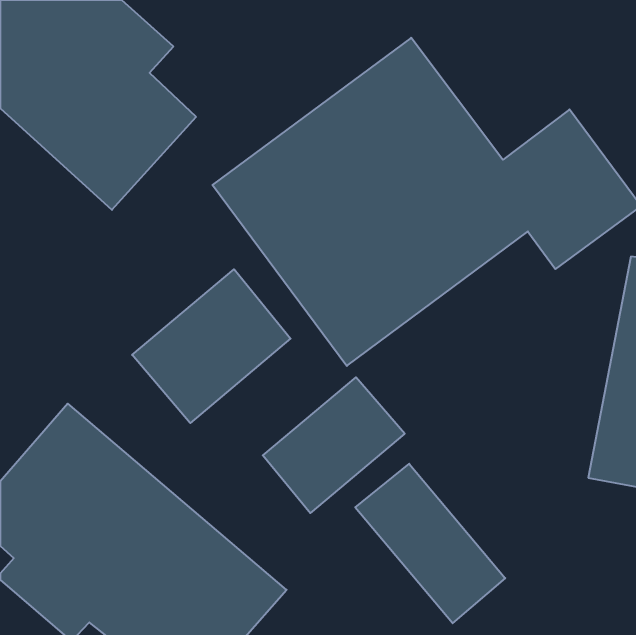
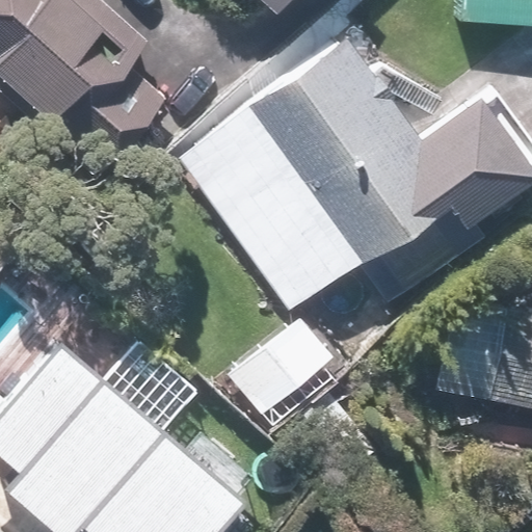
building: [132,269,291,423] -> none
building: [355,464,505,623] -> none

